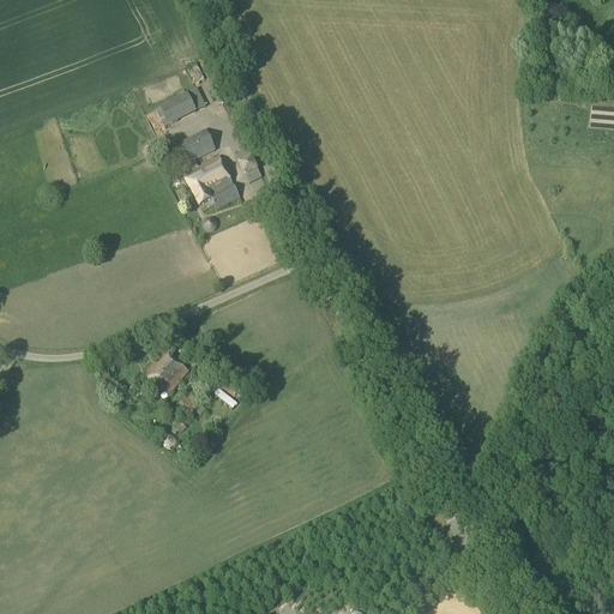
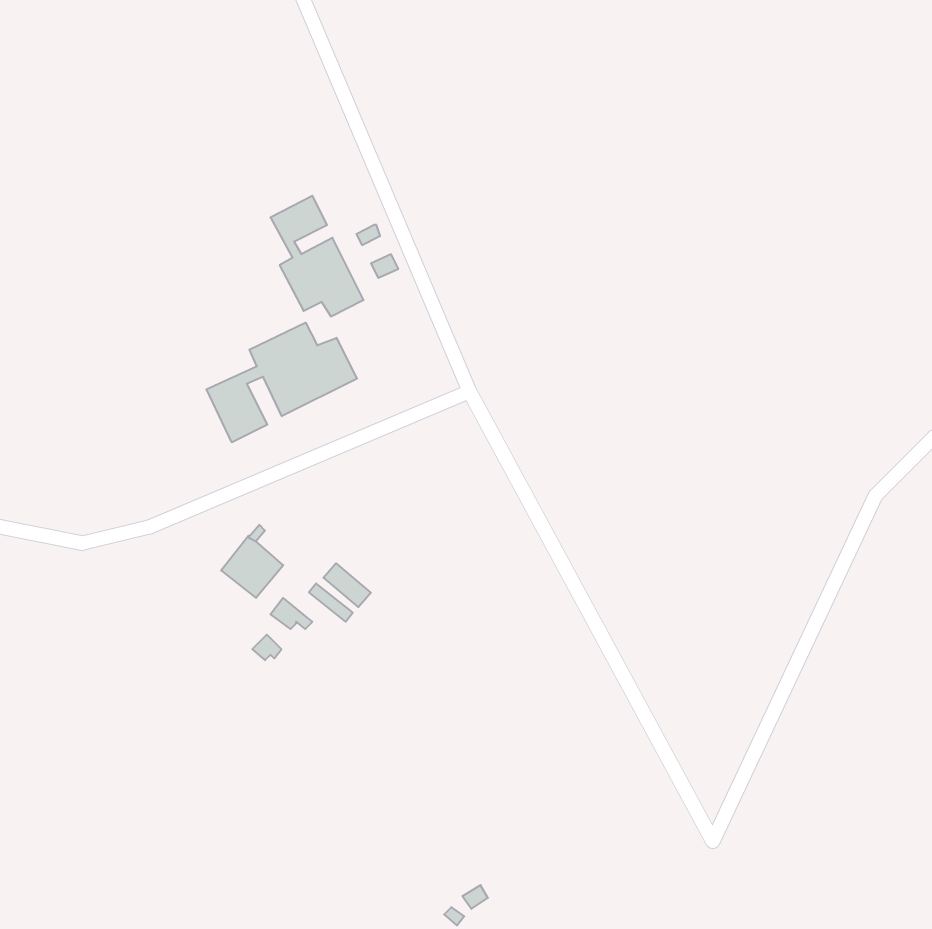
building: [155,91,197,126] -> none
building: none -> [206,323,357,442]

